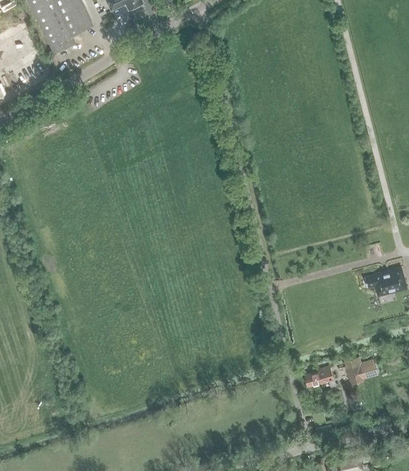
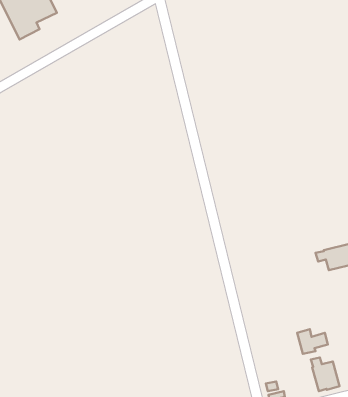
building: [304,366,334,387] -> none
building: none -> [311,358,340,391]

